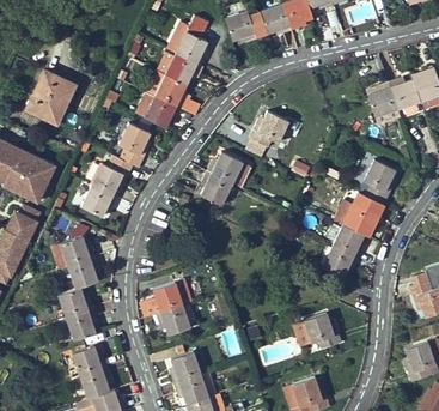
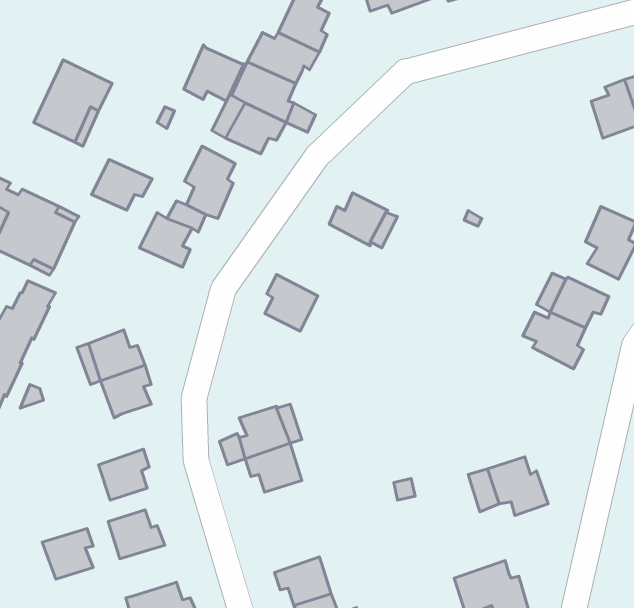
building: none -> [184,45,244,101]
building: [249,110,288,147] -> none
building: [200,170,232,205] -> [265,274,318,331]
building: [80,185,117,216] -> [92,159,152,210]
building: [322,246,356,277] -> none
building: [59,286,93,318] -> none
building: [170,351,201,383] -> none
building: [79,367,110,398] -> [42,528,93,579]

